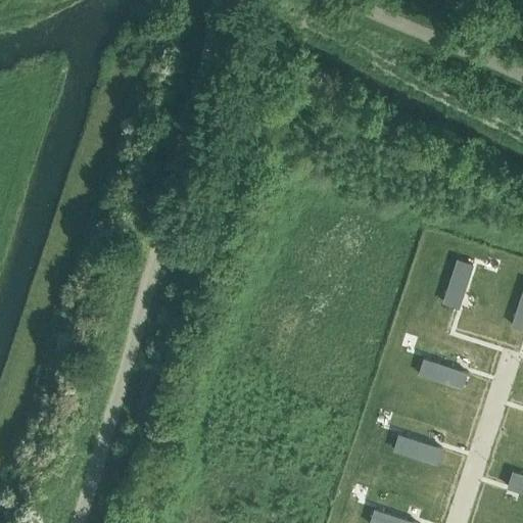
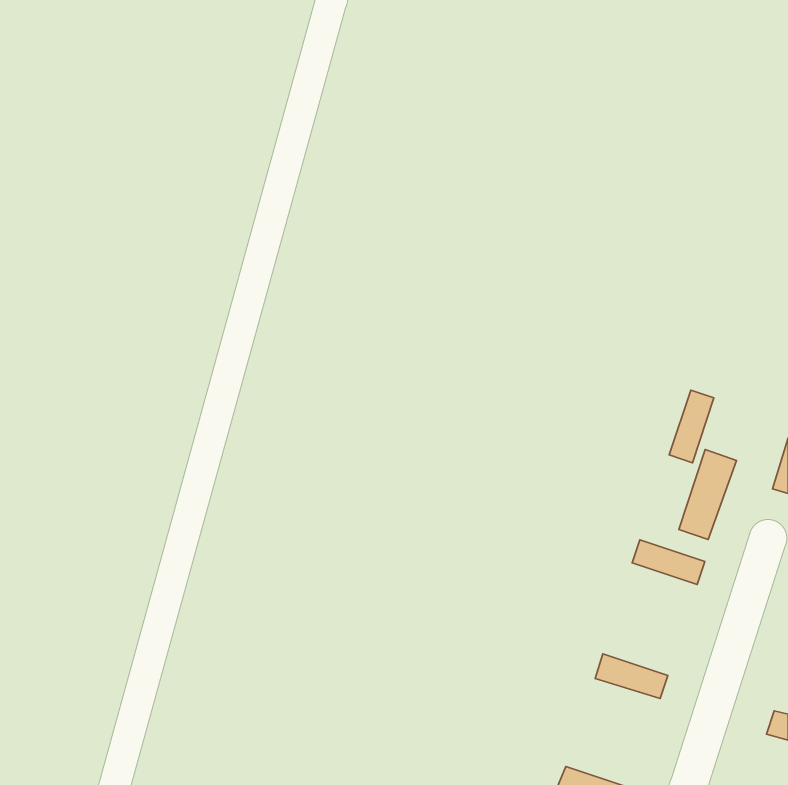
building: none -> [679,450,736,539]

